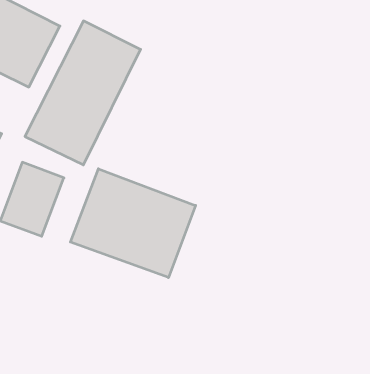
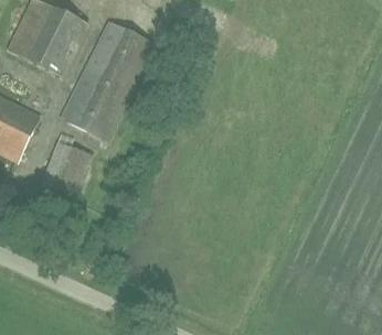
building: [70,169,196,278] -> none

